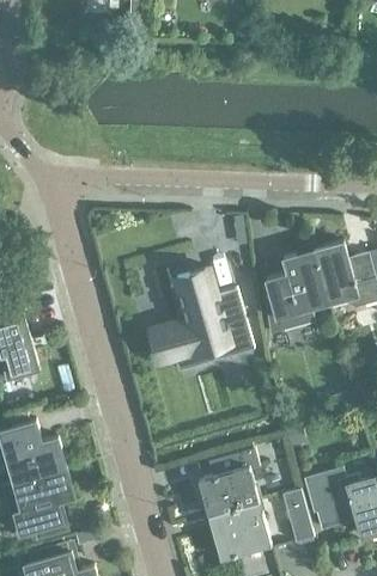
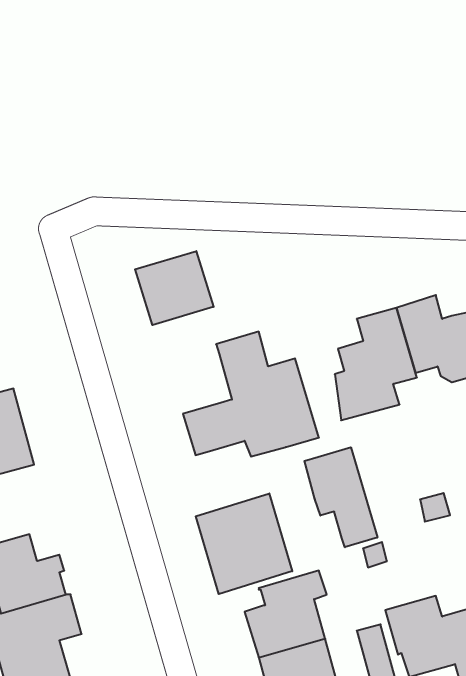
building: none -> [135,251,214,325]
building: none -> [304,447,377,547]
building: none -> [196,493,292,594]

